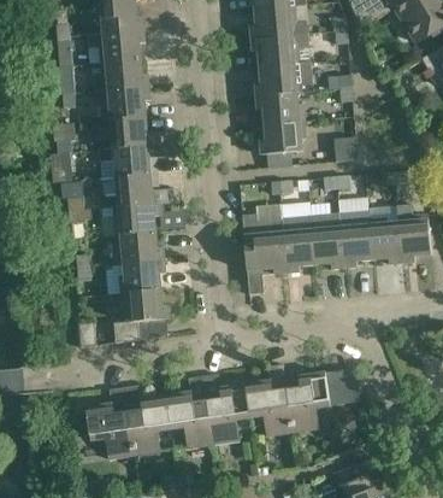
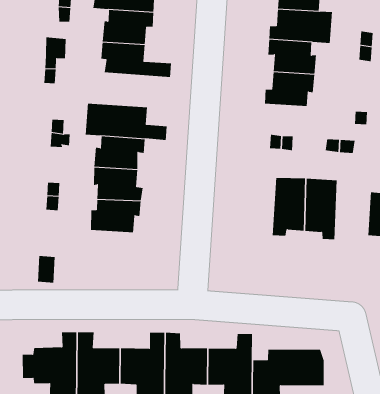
building: [99,145,173,180] -> none
building: [337,211,372,269] -> none
building: [241,215,285,295] -> none
building: [112,291,169,344] -> none

